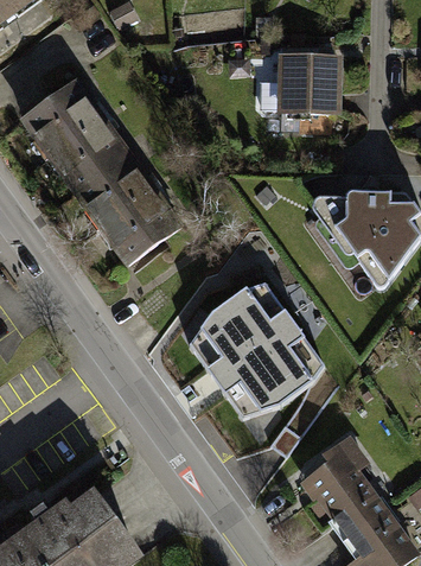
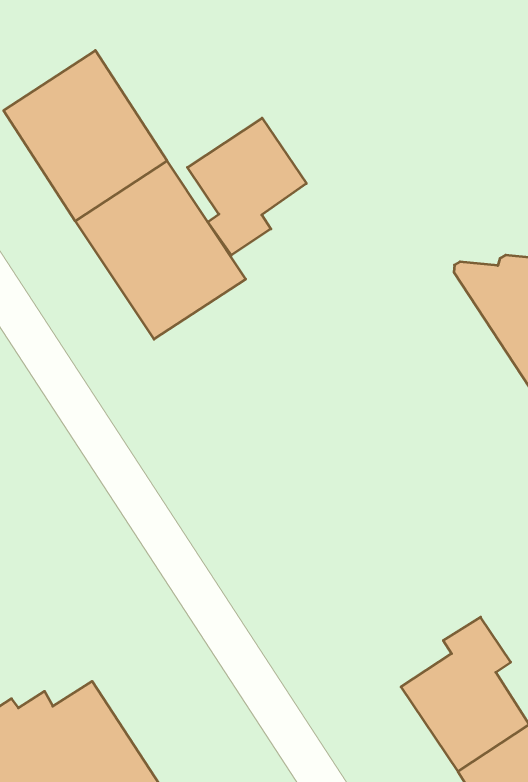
building: [274,56,338,117] -> none
building: none -> [187,118,306,255]
building: [202,286,325,413] -> none

